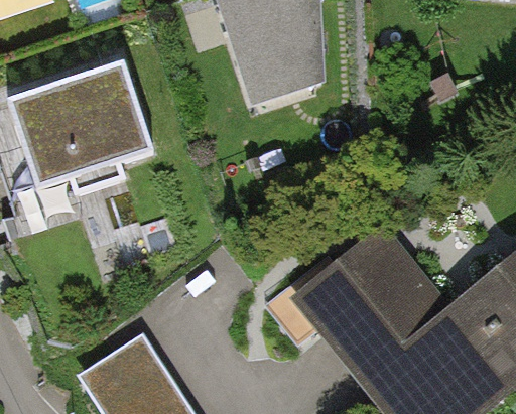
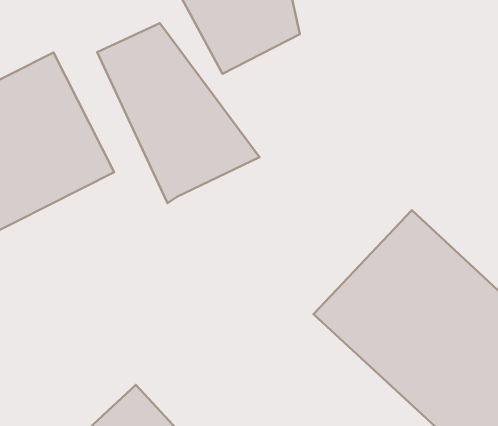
building: none -> [97,23,259,203]

